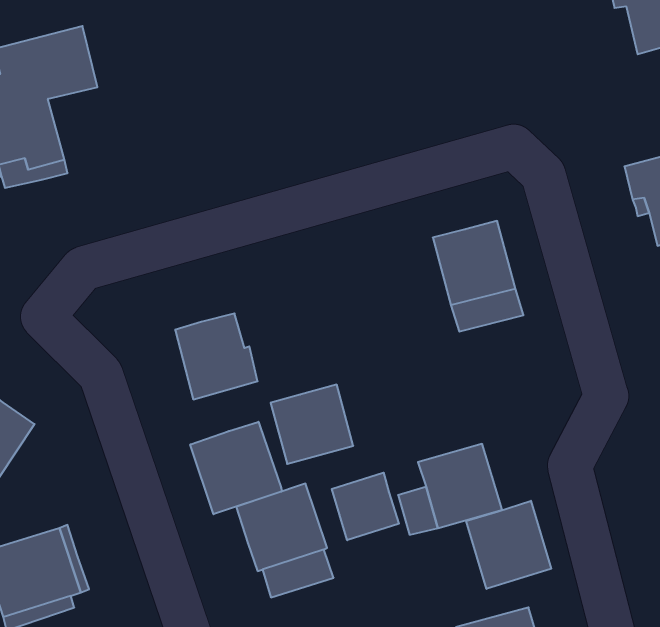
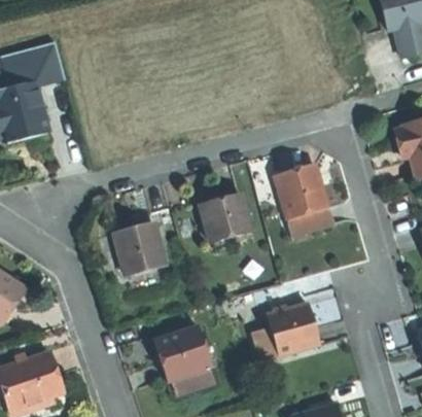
building: [271,385,353,464] -> [200,192,251,241]
building: [190,422,282,514] -> none
building: [332,473,399,540] -> none
building: [466,501,551,589] -> none

